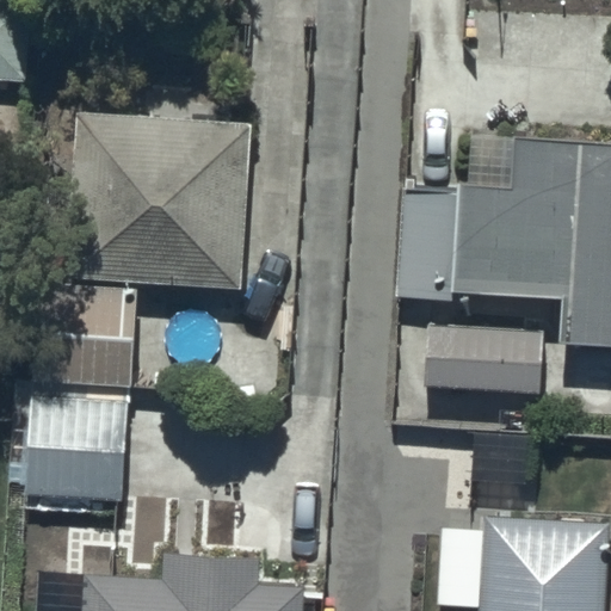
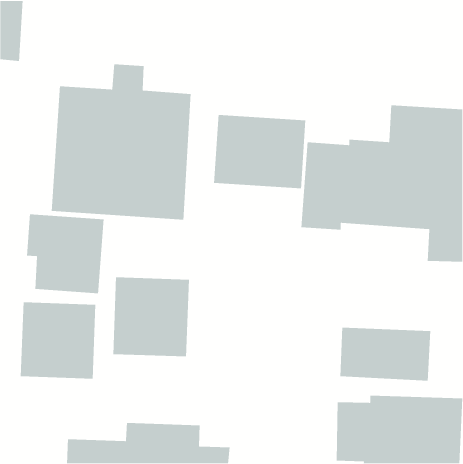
building: none -> [213,114,306,189]
building: [424,323,544,395] -> [340,327,431,381]
building: none -> [112,277,190,357]

